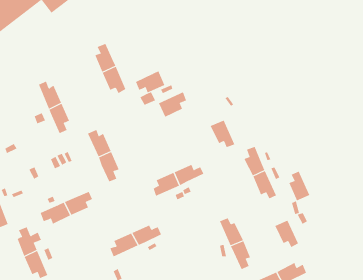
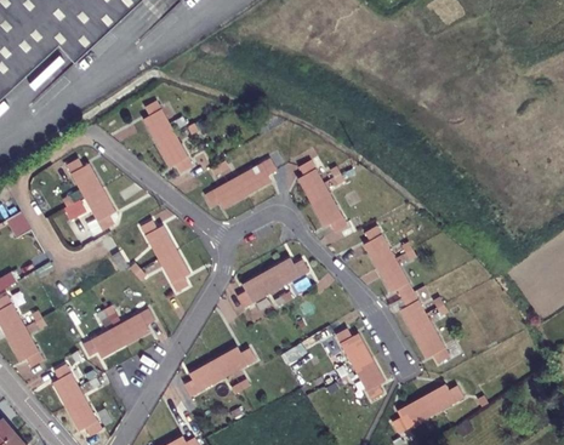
building: [135,71,165,93] -> [204,176,246,209]
building: none -> [297,158,330,201]
building: [289,171,310,201] -> [399,291,431,333]

